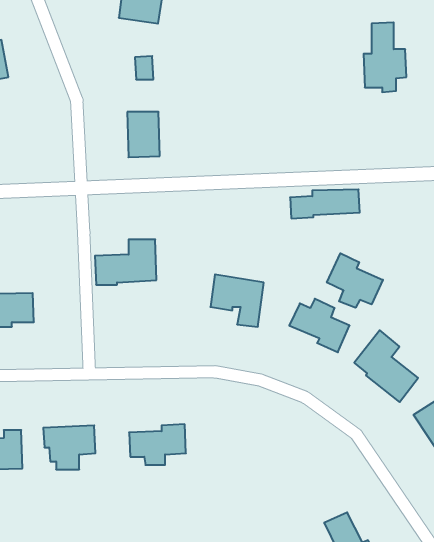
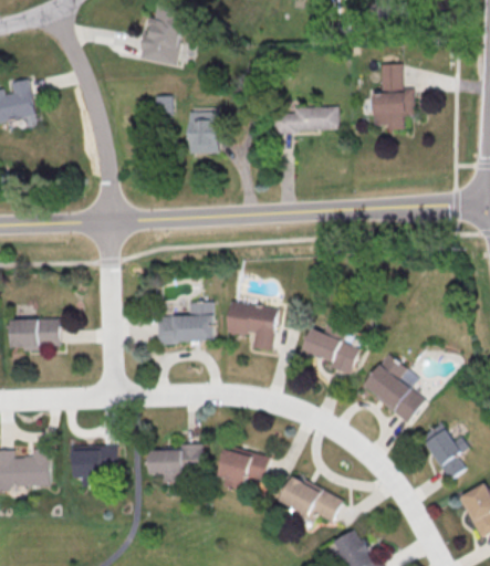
building: [127,112,160,157] -> [189,109,220,153]
building: [290,189,360,218] -> [272,107,338,135]
building: [95,239,156,285] -> [156,303,215,346]
building: [327,253,383,308] -> none
building: none -> [219,444,270,488]
building: none -> [280,479,343,523]

